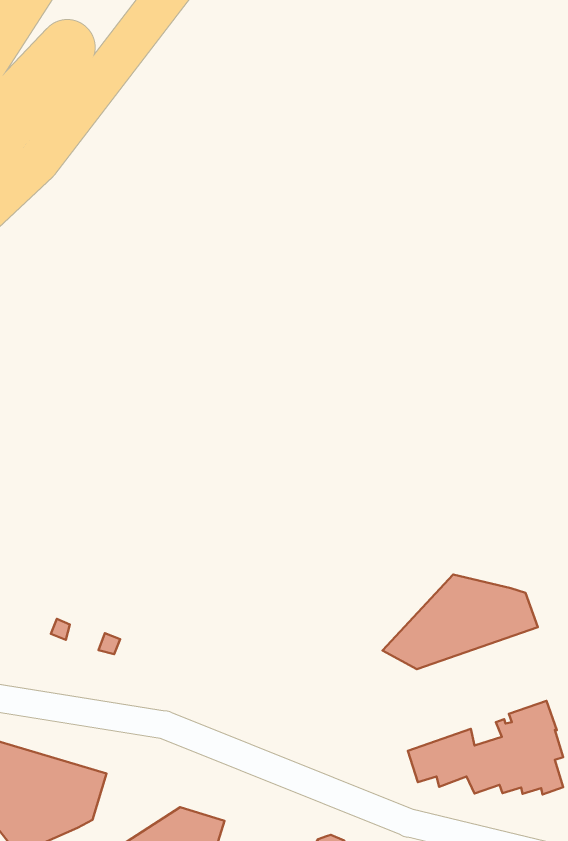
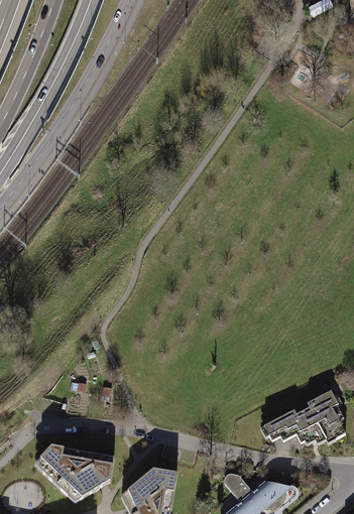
building: [382,575,538,669] -> none

